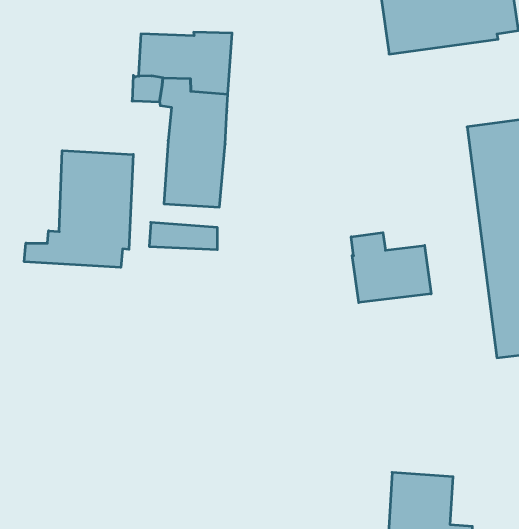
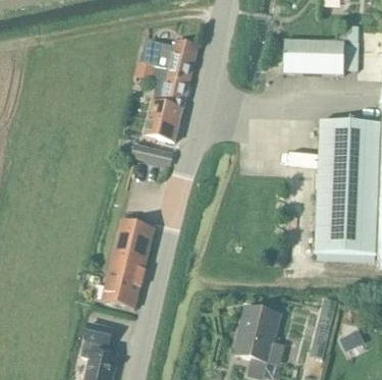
building: [24,151,133,267] -> none
building: [351,233,431,303] -> none
building: none -> [103,219,155,308]

